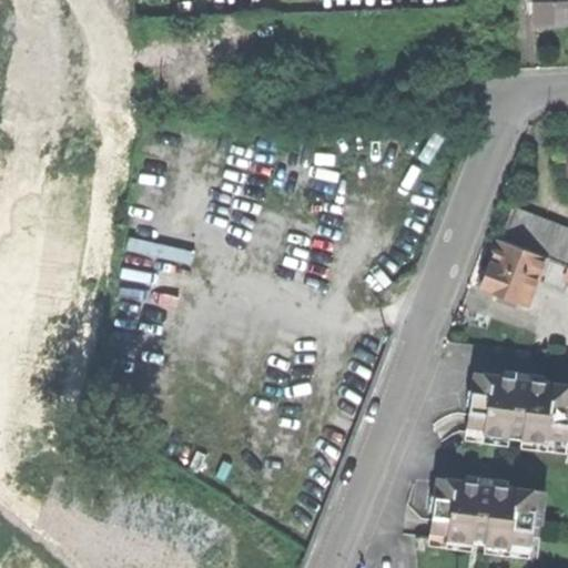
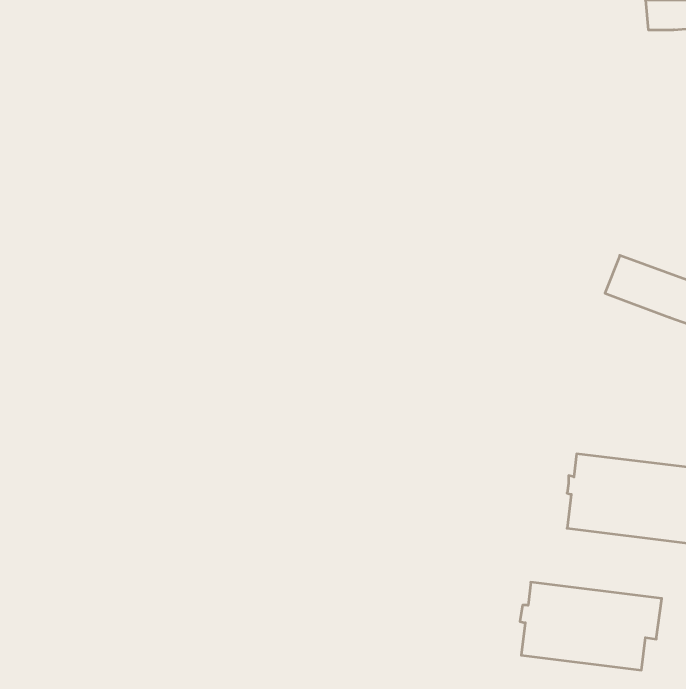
building: [480,242,554,306] -> none

